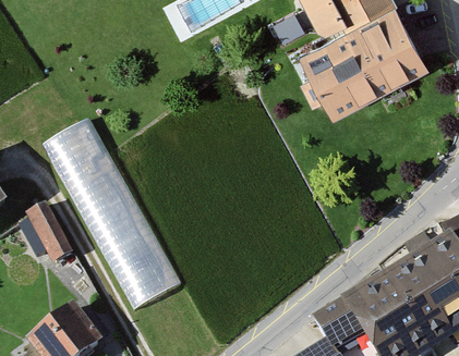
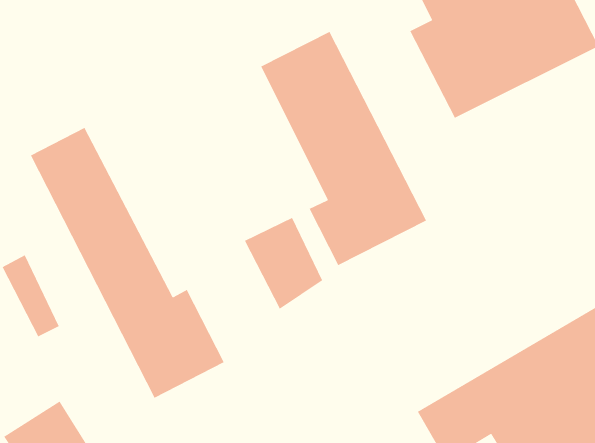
building: none -> [260,31,427,266]
building: none -> [244,217,323,310]

